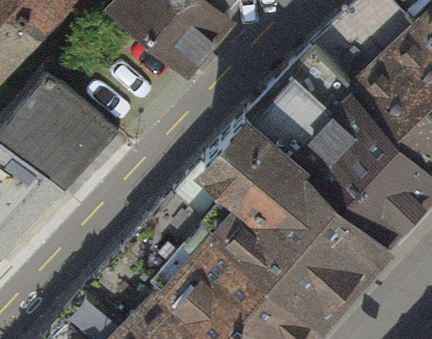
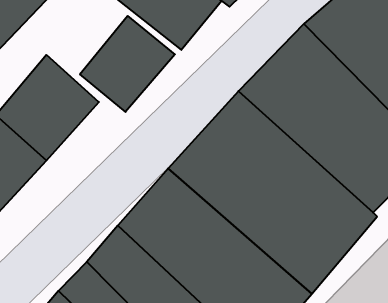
building: none -> [80,16,175,112]

